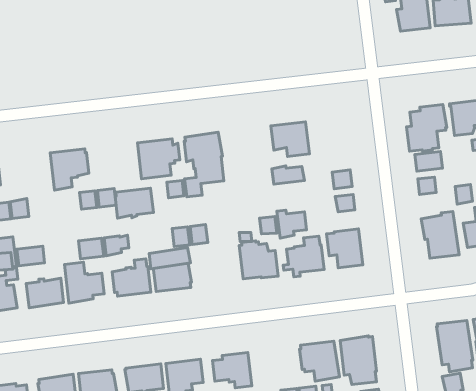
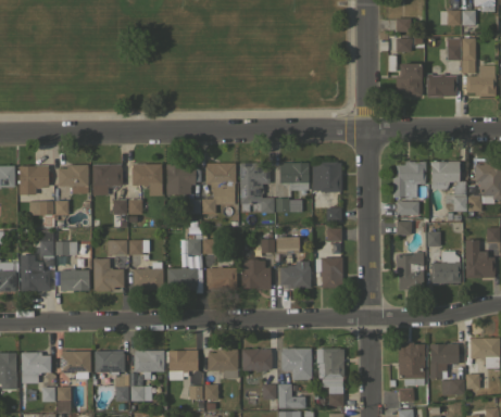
building: none -> [312,162,341,192]
building: none -> [239,163,274,213]
building: none -> [58,165,88,197]
building: [115,188,153,218] -> [131,164,162,187]
building: none -> [206,267,237,289]
building: none -> [241,349,272,371]

